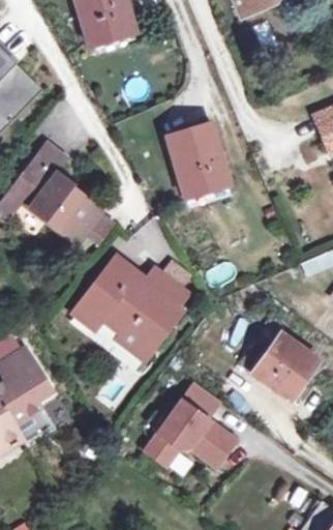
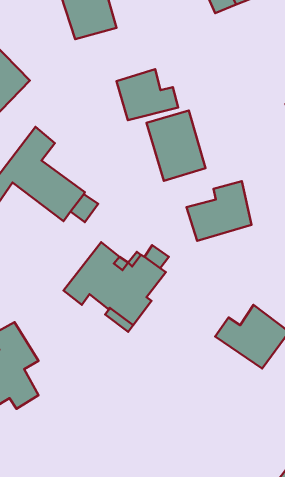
building: none -> [116,69,178,120]
building: none -> [187,181,251,241]
building: [147,382,236,465] -> none

